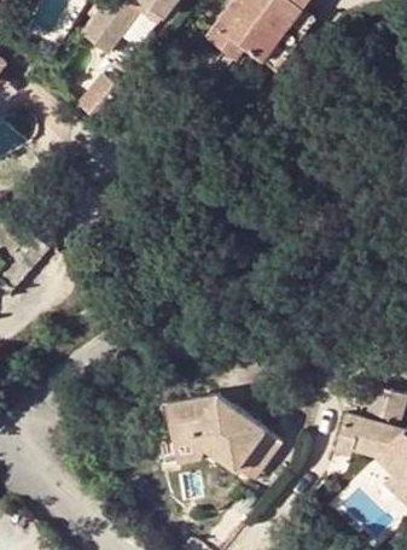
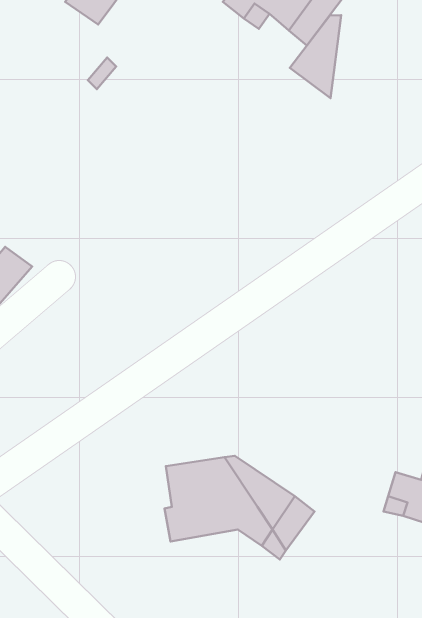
building: none -> [290,15,341,98]

